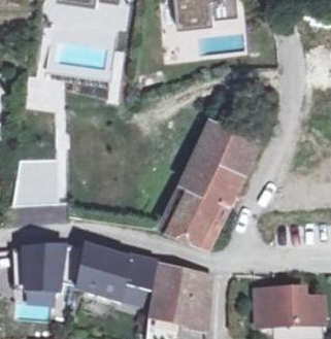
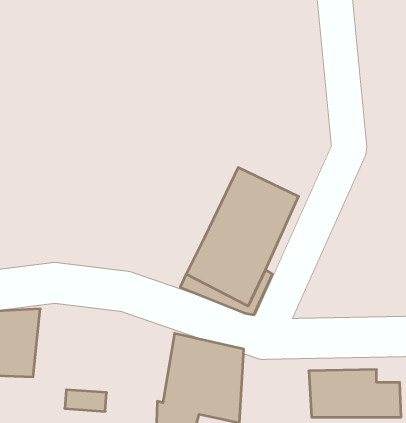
building: [203,120,259,164] -> none
building: [73,245,153,298] -> none

